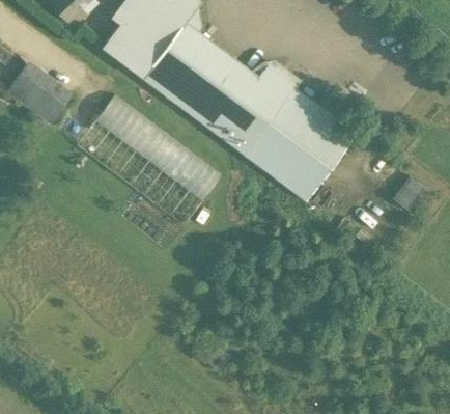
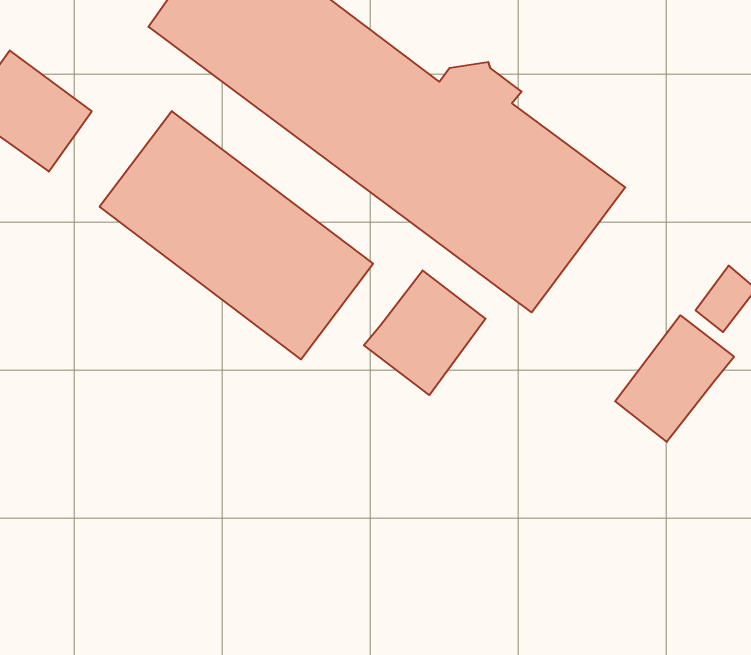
building: none -> [364,270,486,395]
building: none -> [615,315,734,442]

